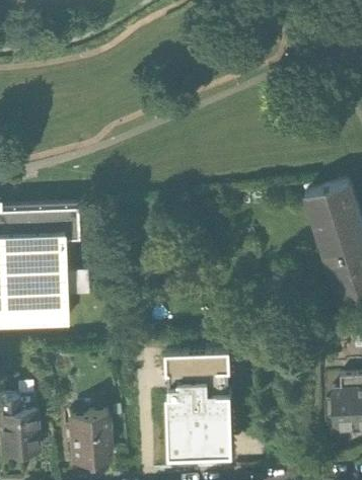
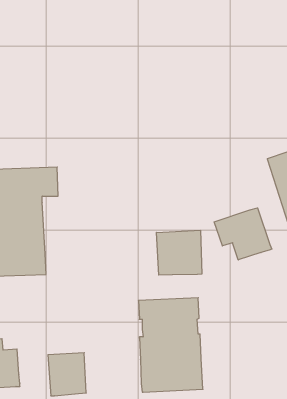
building: none -> [214,208,272,260]
building: none -> [156,230,202,275]

